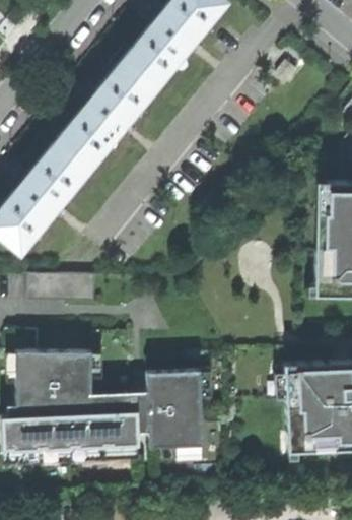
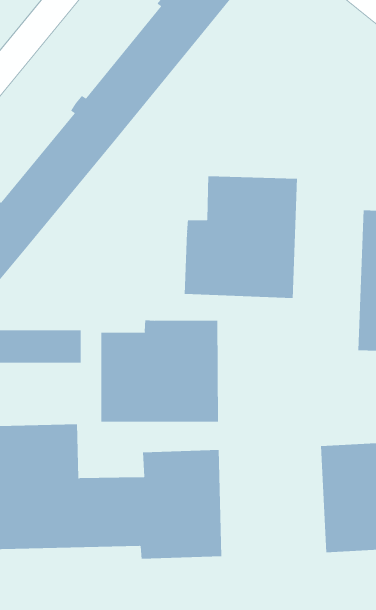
building: none -> [184,175,297,299]
building: none -> [101,320,219,422]

